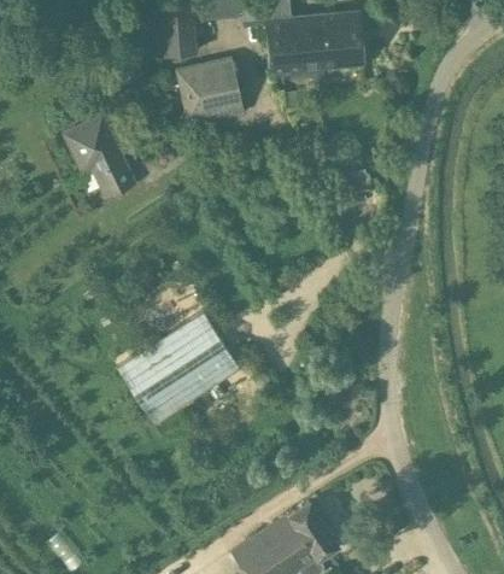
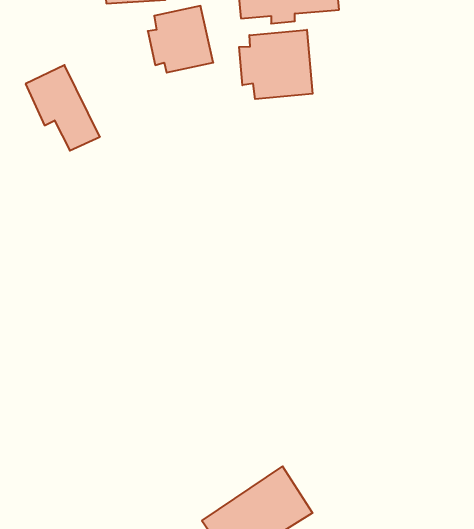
building: none -> [239,30,313,99]
building: [117,312,241,426] -> none

